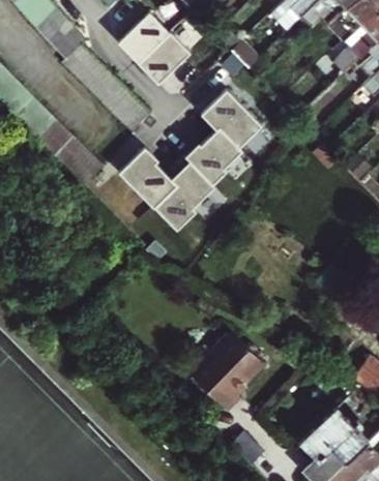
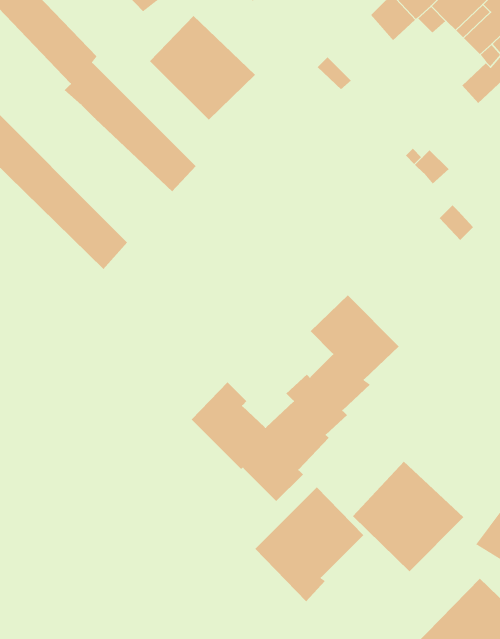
building: [121,90,263,231] -> [191,295,400,502]
building: none -> [352,461,464,572]

